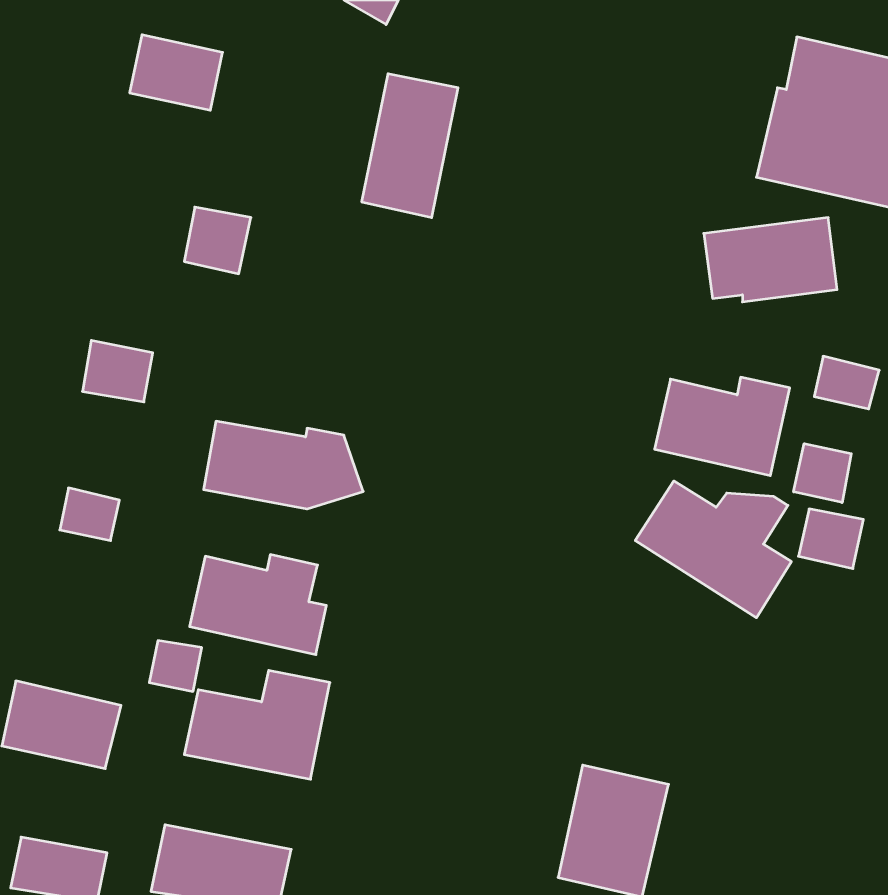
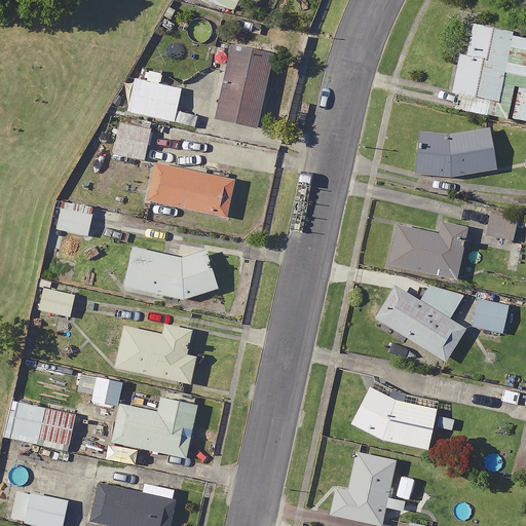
building: [130,35,223,110] -> [127,78,182,122]
building: none -> [146,163,234,218]
building: [794,444,851,503] -> none
building: none -> [348,378,442,451]

